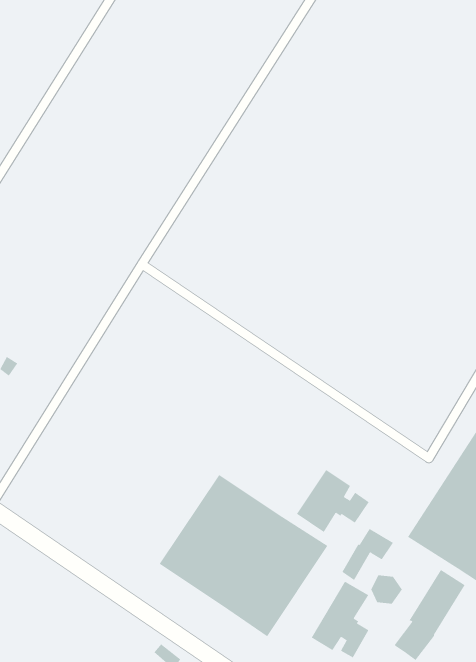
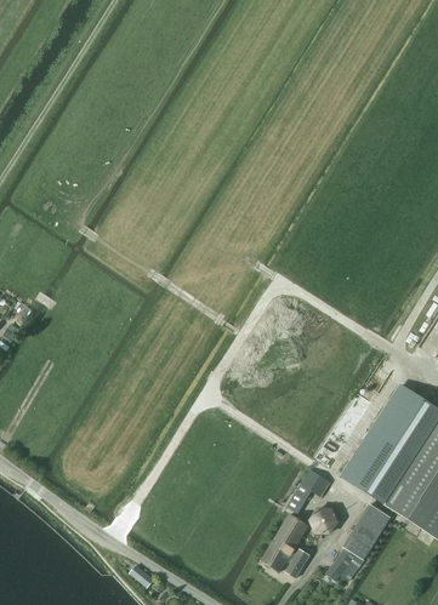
building: [296,469,370,533] -> none
building: [159,474,328,637] -> none

